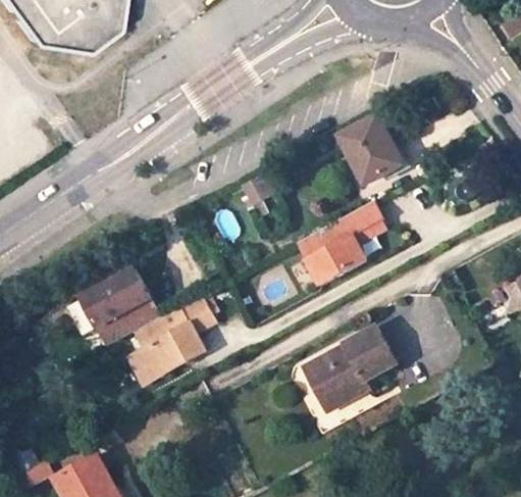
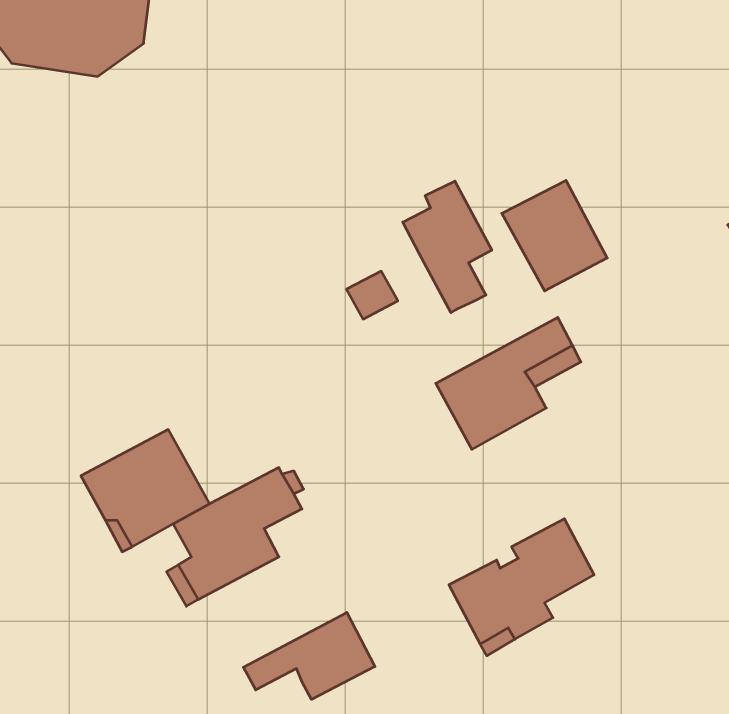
building: none -> [403,181,492,313]
building: none -> [243,612,375,699]

